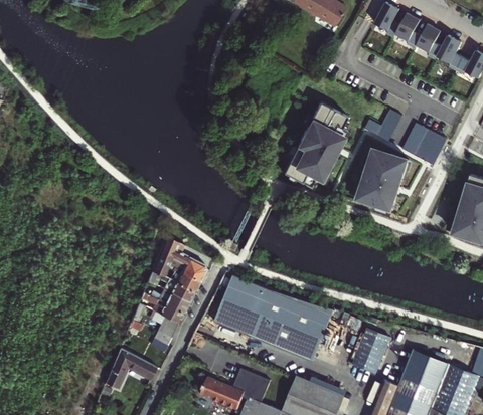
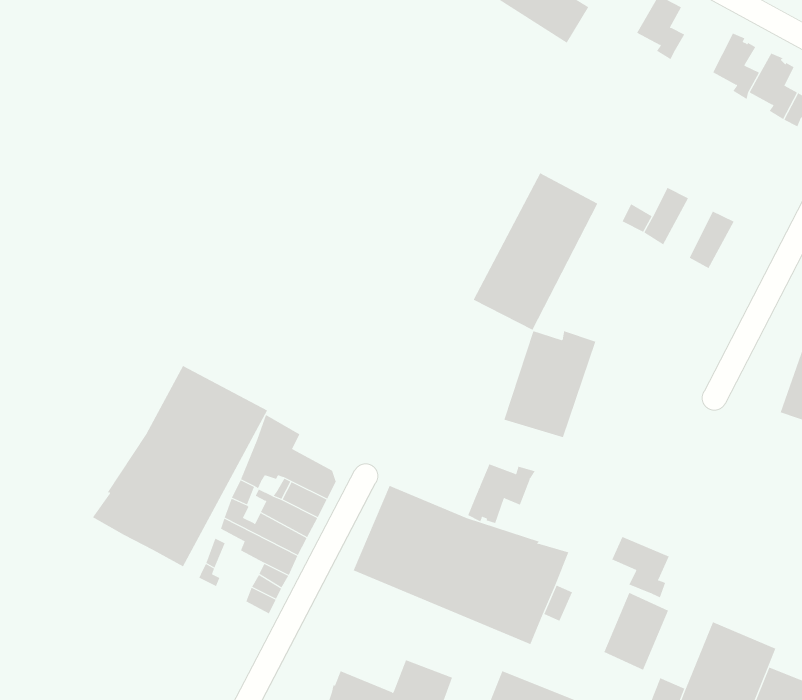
building: [393,12,420,48] -> none
building: [413,128,446,164] -> none
building: [356,153,408,212] -> [504,331,596,438]
building: none -> [92,365,268,567]
building: none -> [467,464,536,524]
building: none -> [611,536,670,598]
building: [107,348,153,386] -> none

